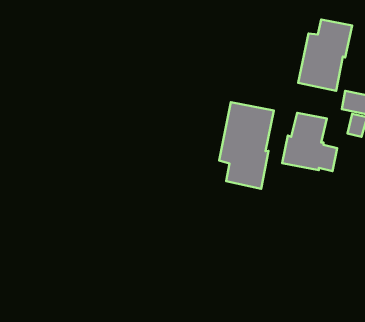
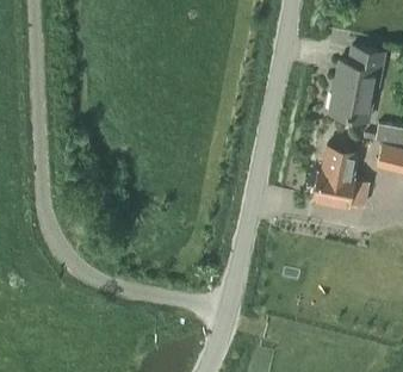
building: [219,102,274,189] -> none

